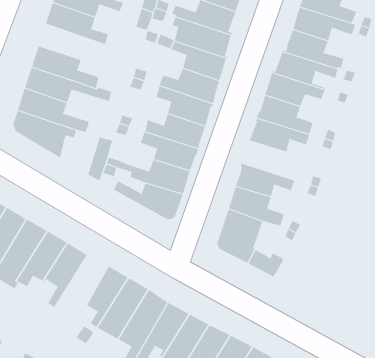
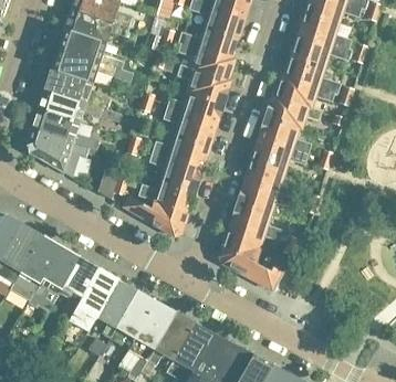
building: none -> [51,50,137,84]
building: none -> [242,160,296,198]
building: none -> [66,268,117,330]

